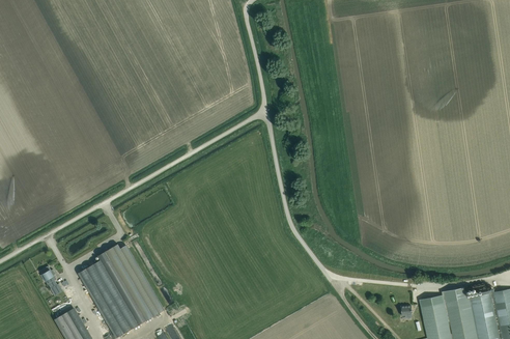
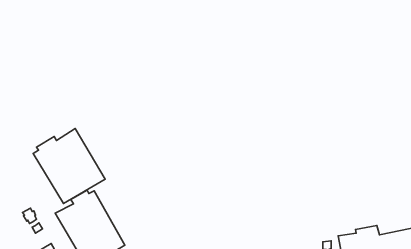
building: none -> [33,128,105,204]

